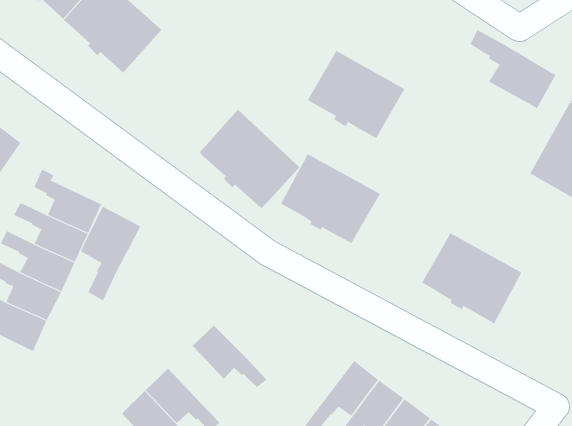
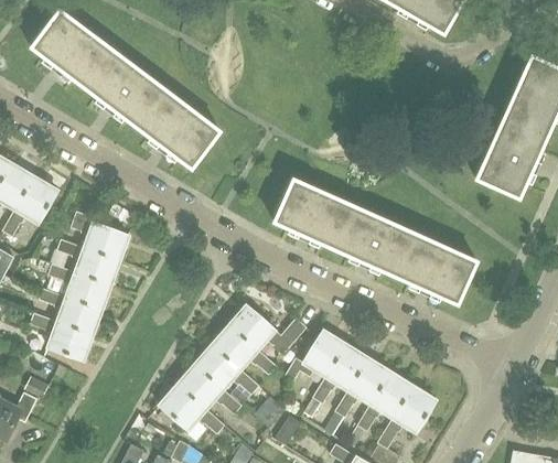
building: [470,29,556,109] -> none
building: [307,50,405,139] -> [335,206,415,276]
building: [199,109,300,209] -> [136,88,219,169]
building: [80,206,141,301] -> none
building: none -> [228,305,305,353]
building: none -> [285,331,345,380]
building: none -> [194,344,258,394]

